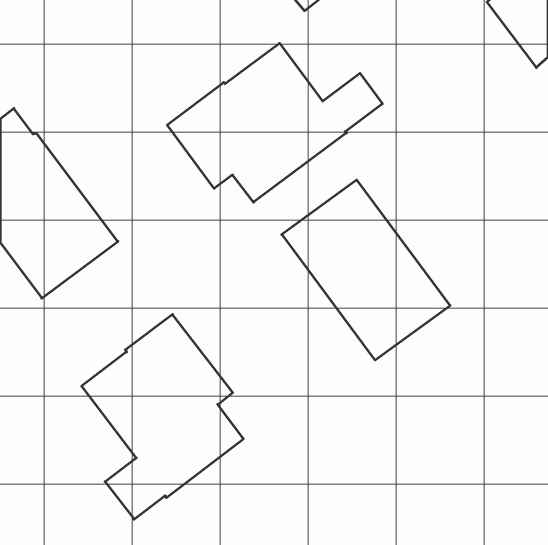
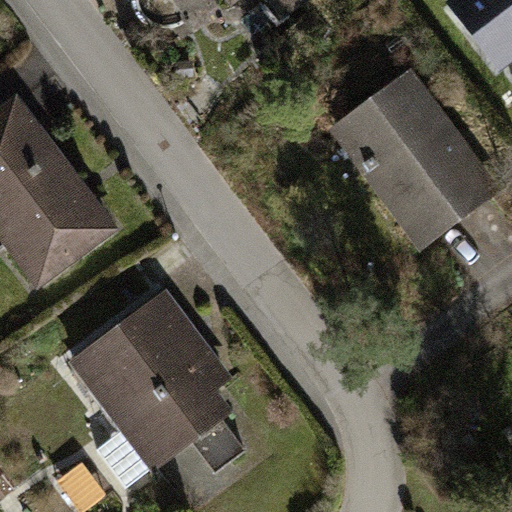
building: [167,43,382,202] -> none
building: [282,180,450,360] -> [337,74,494,242]

